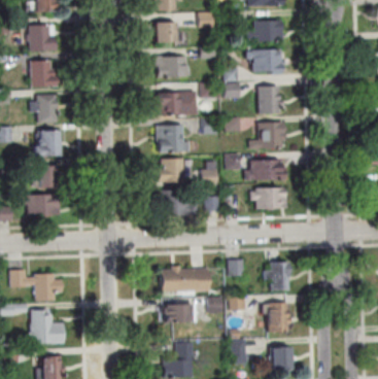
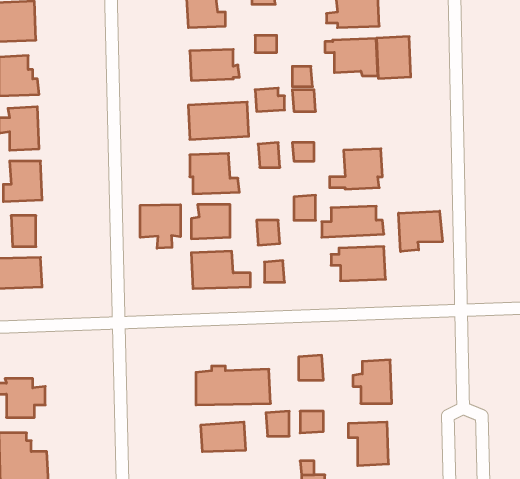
building: [259,85,281,113] -> [377,37,411,78]
building: none -> [140,205,180,248]
building: none -> [399,211,442,252]

